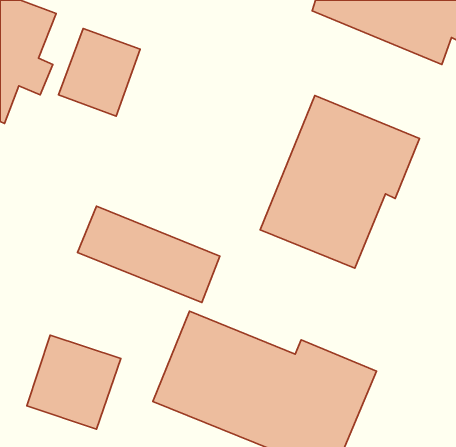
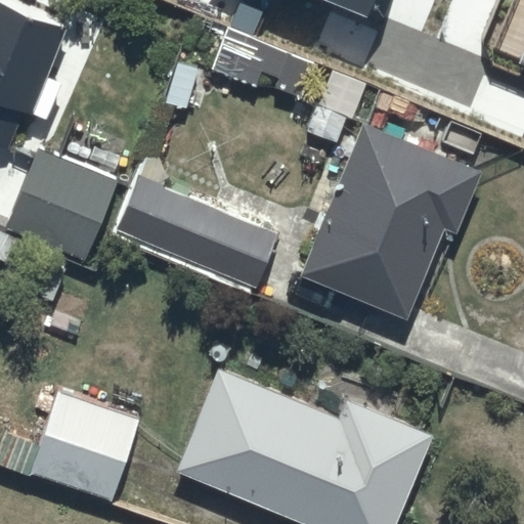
building: [59,28,140,116] -> none
building: none -> [7,152,117,262]
building: [78,206,220,303] -> [115,179,277,290]

